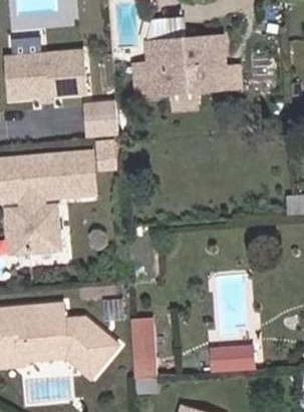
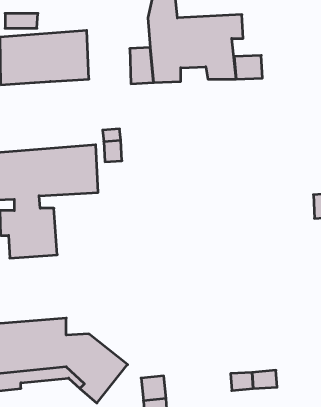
building: [85,102,116,135] -> none
building: [129,316,153,358] -> none

